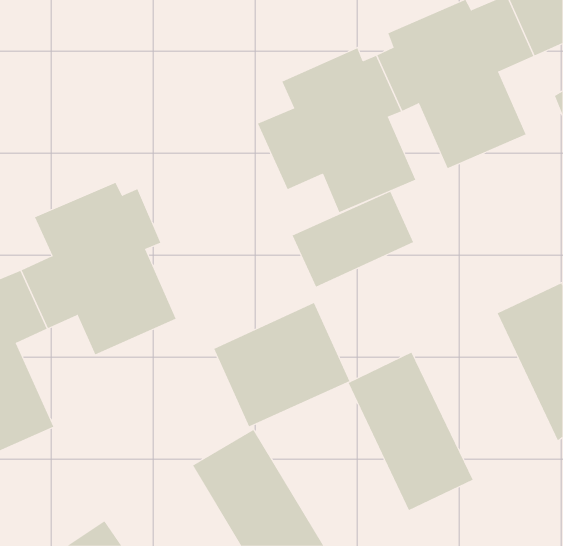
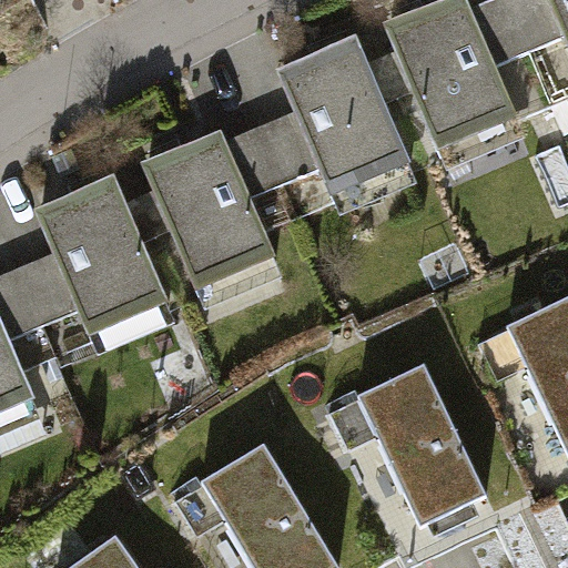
building: none -> [139,124,288,313]
building: [292,191,414,287] -> none
building: [214,302,350,427] -> none

